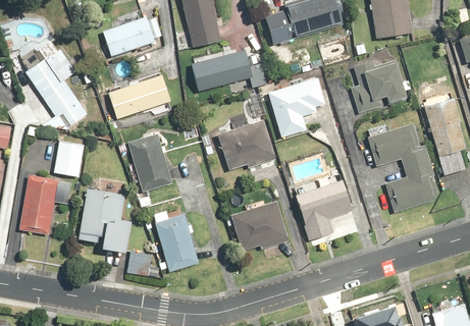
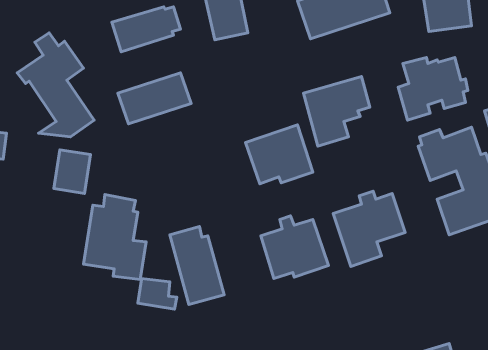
building: [193,50,266,91] -> none
building: [126,133,173,194] -> none
building: [18,175,71,235] -> none

